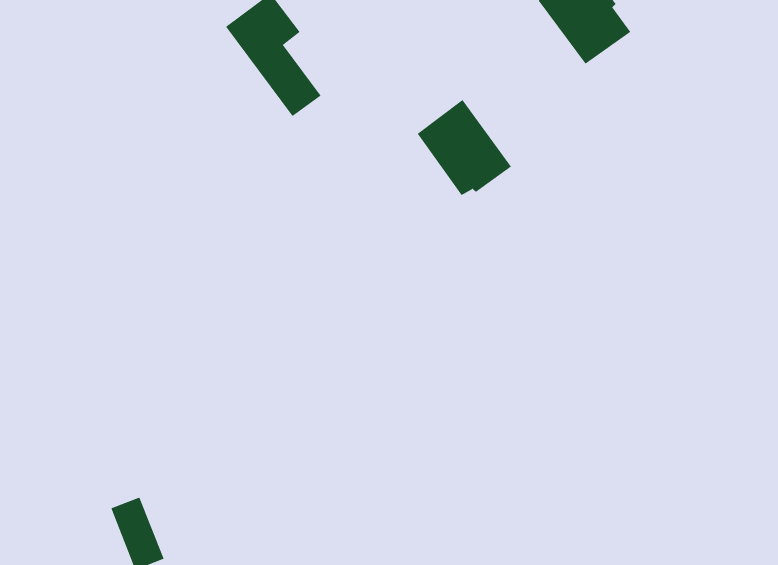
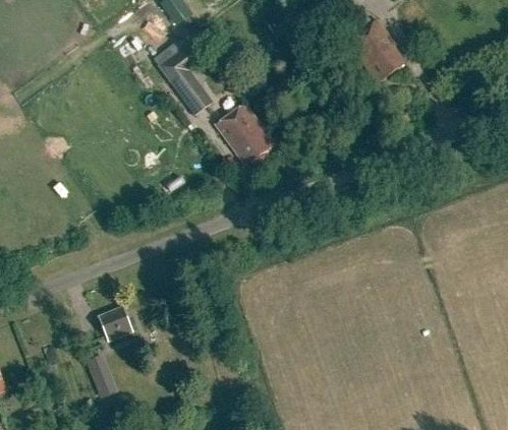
building: [417,99,512,196] -> [217,102,276,162]
building: none -> [99,309,132,344]

